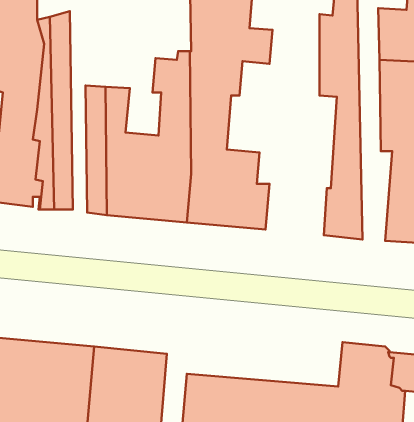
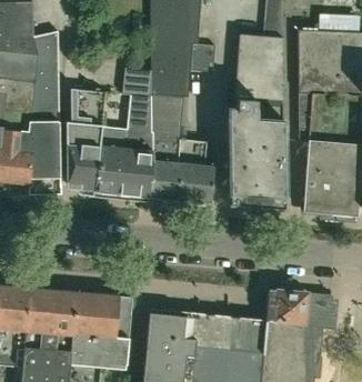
building: none -> [228,32,265,205]

